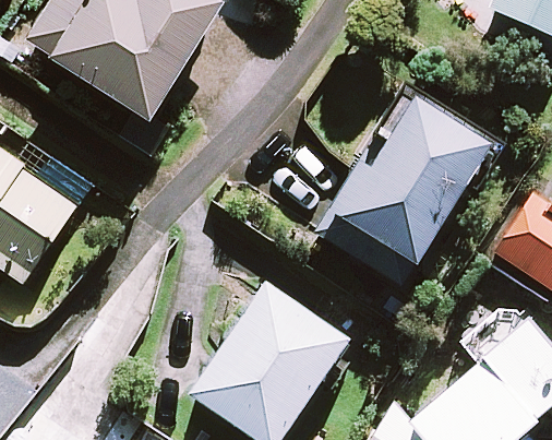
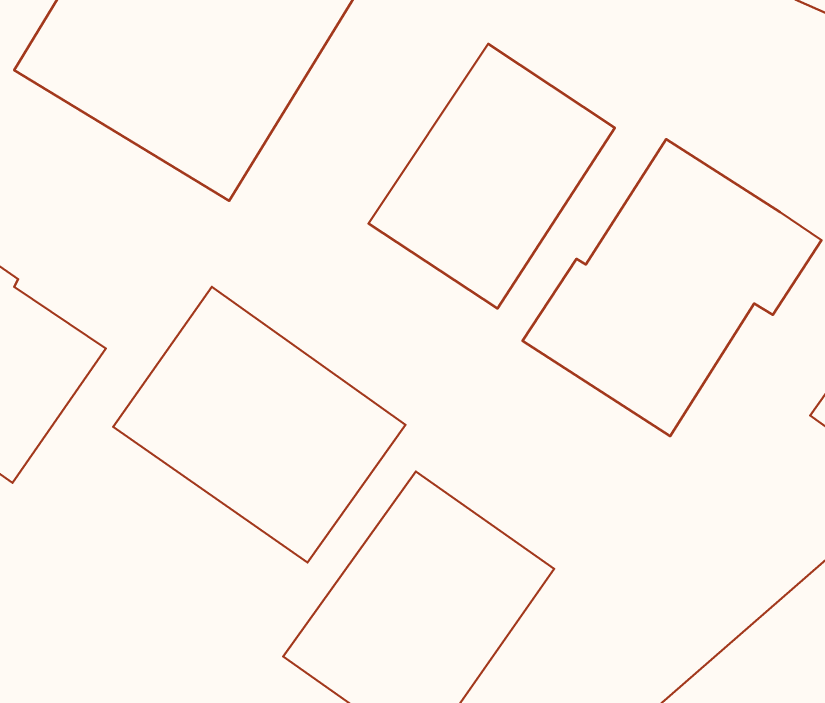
building: none -> [368,44,615,309]
building: none -> [113,287,405,562]

